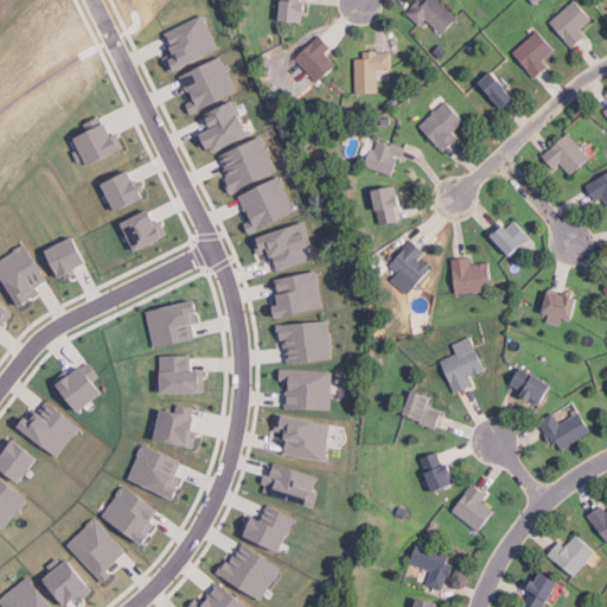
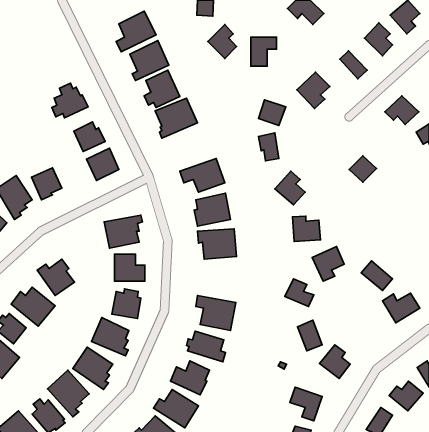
building: [238,180,295,236] -> none
building: [448,258,487,294] -> [292,216,320,241]
building: [537,289,575,326] -> none
building: [277,371,331,410] -> none

